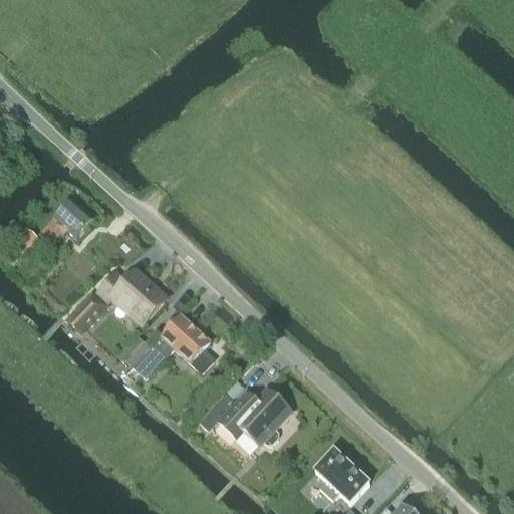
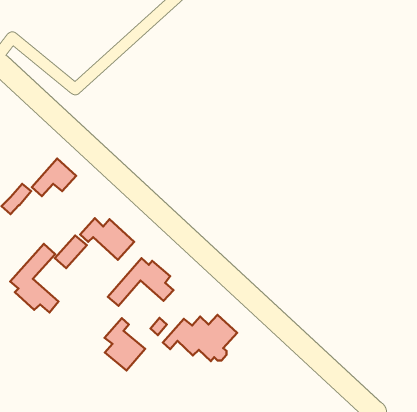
building: none -> [10,244,59,312]
building: none -> [105,318,145,371]
building: [315,448,369,501] -> none

